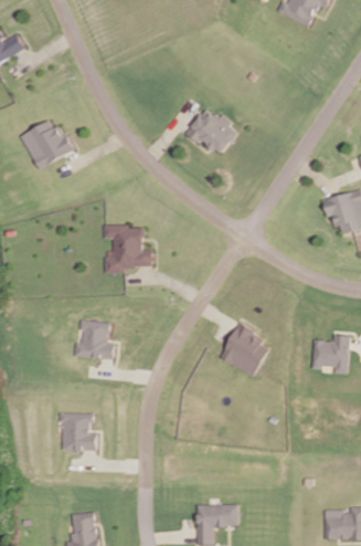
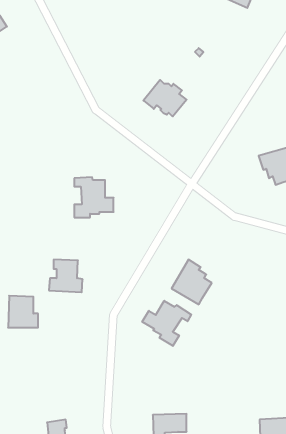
building: [21,122,72,167] -> none
building: [309,336,347,375] -> none
building: none -> [142,301,191,346]
building: [61,413,96,451] -> [8,296,38,328]

